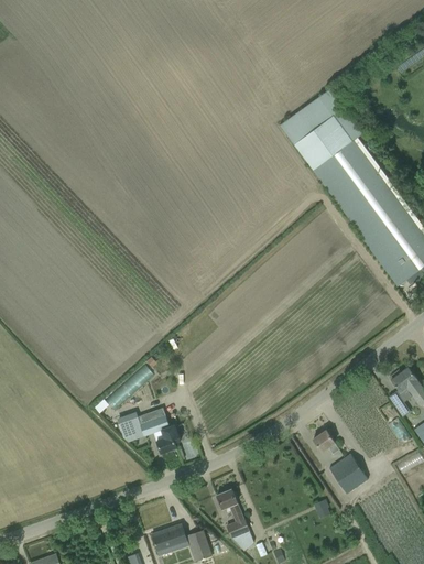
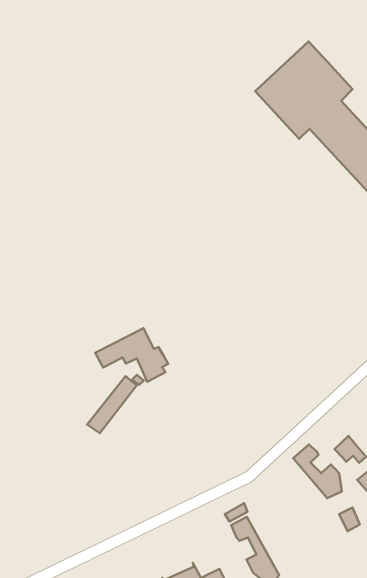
building: [119,408,181,454] -> [95,328,168,382]
building: none -> [293,444,342,498]

